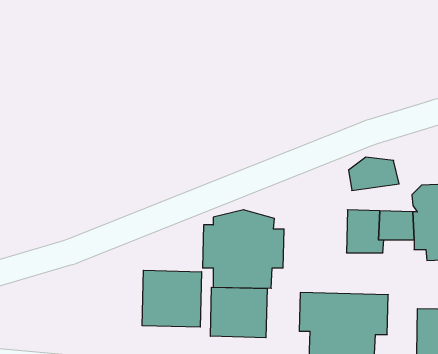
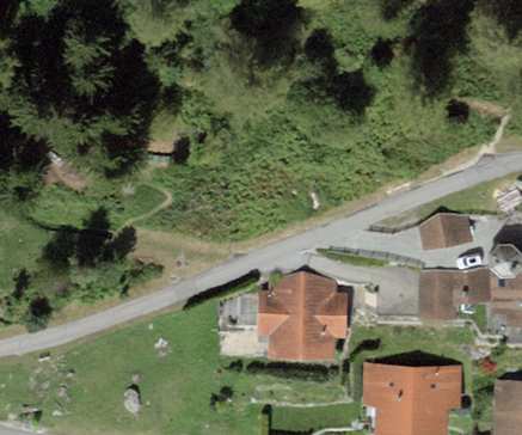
building: [142,270,202,327] -> none
building: [210,287,267,338] -> none

